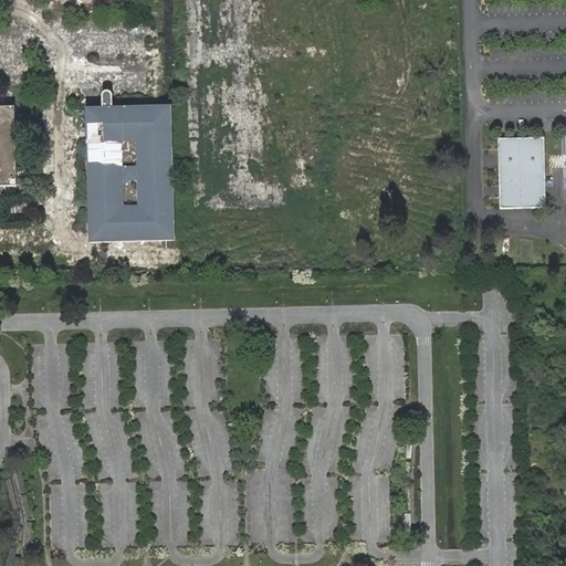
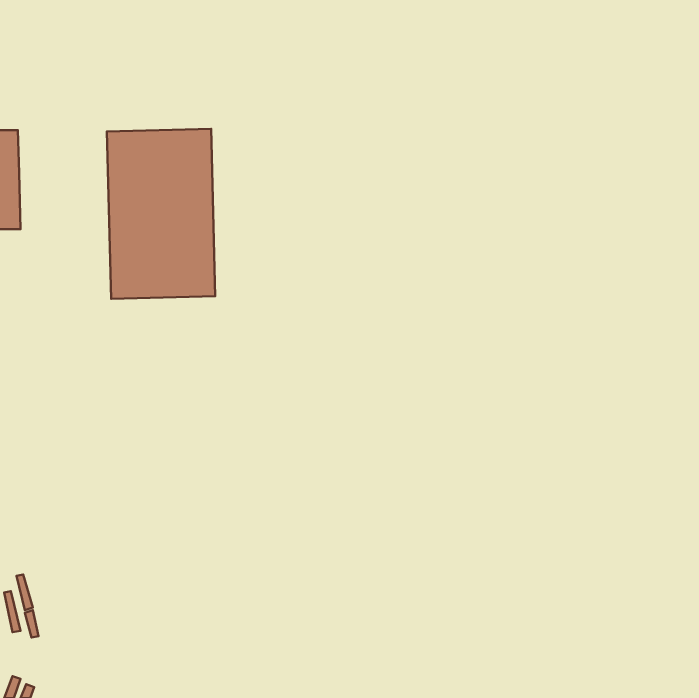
building: [497,136,545,207] -> none

